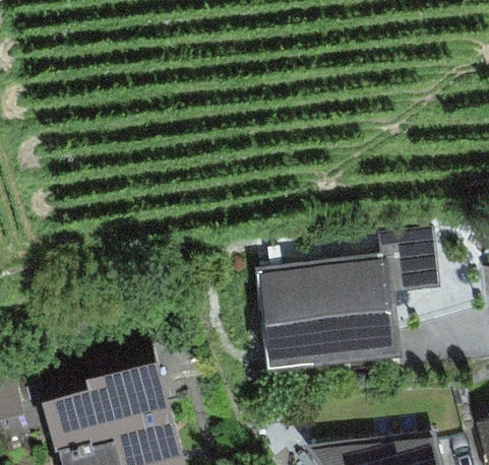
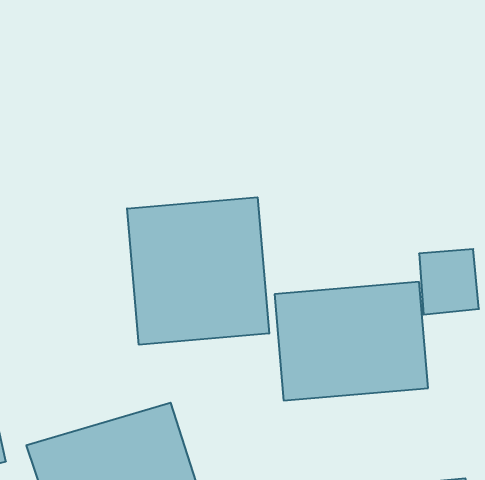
building: none -> [127,197,269,345]

